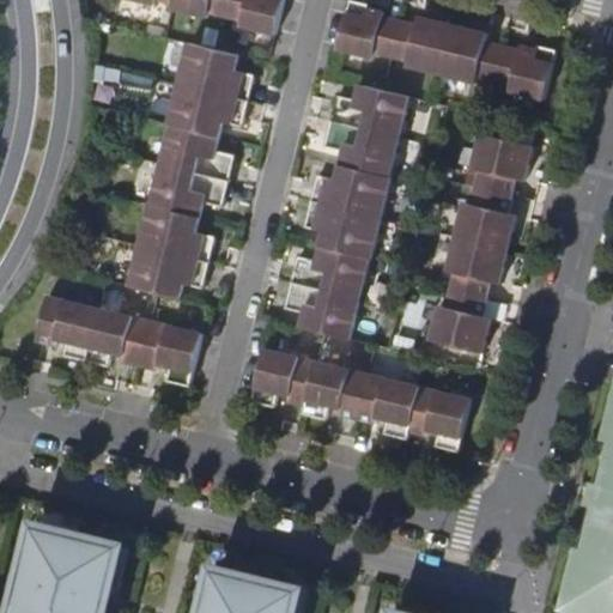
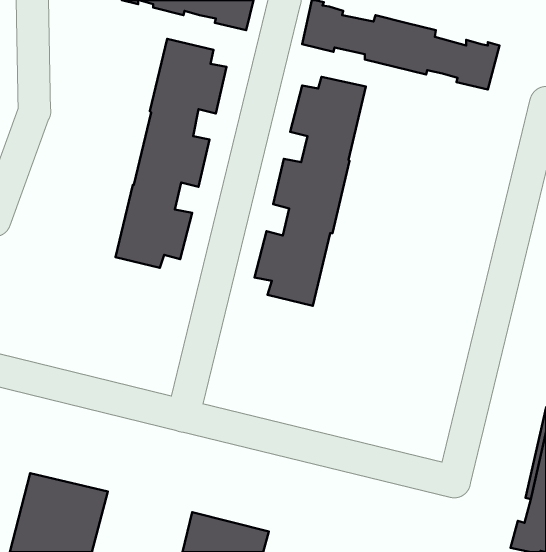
building: [427,133,530,352] -> none
building: [34,295,200,386] -> none
building: [249,348,469,451] -> none

